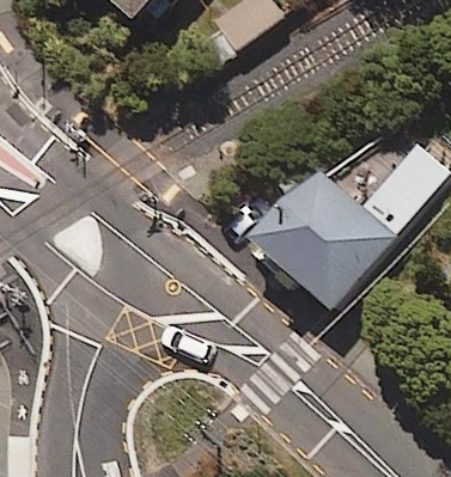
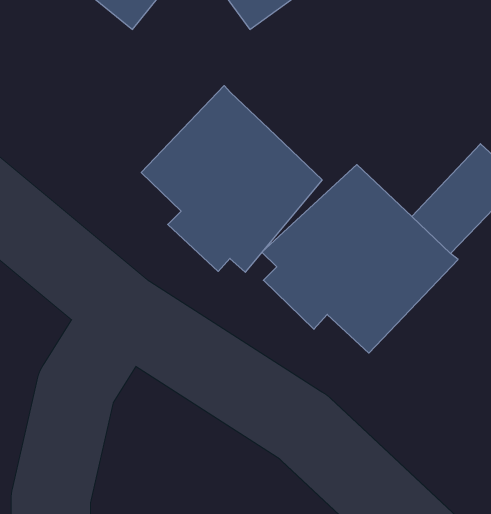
building: none -> [141,86,322,272]

